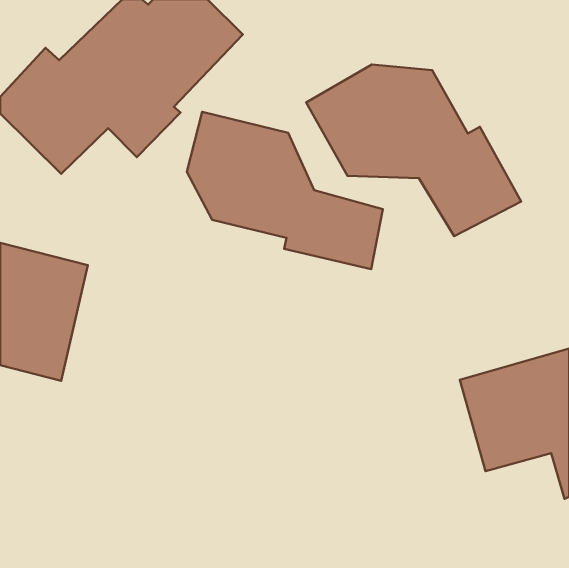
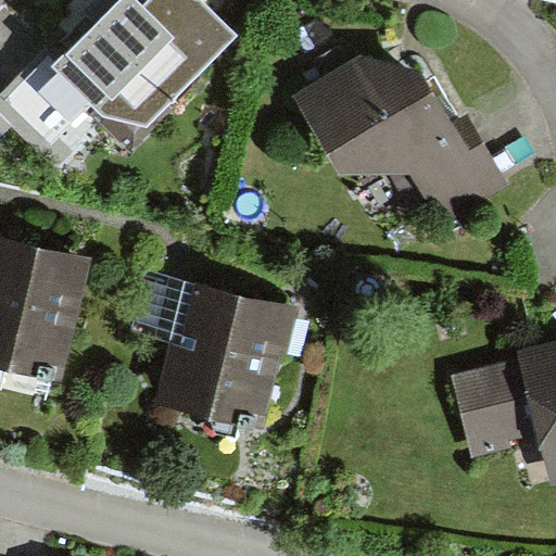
building: [187,112,383,269] -> none
building: none -> [163,282,290,421]

